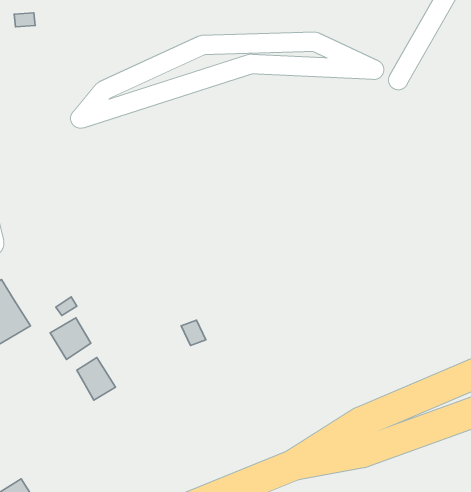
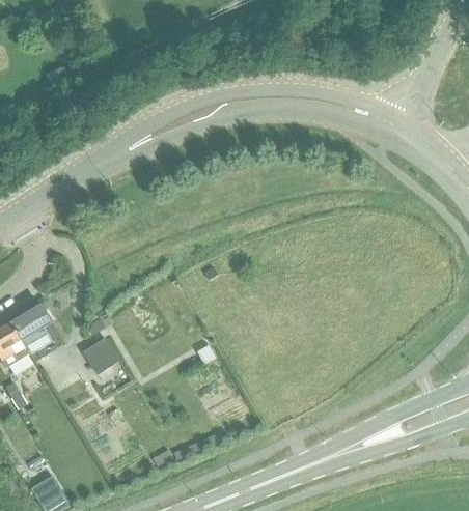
building: [77,358,115,400] -> none

